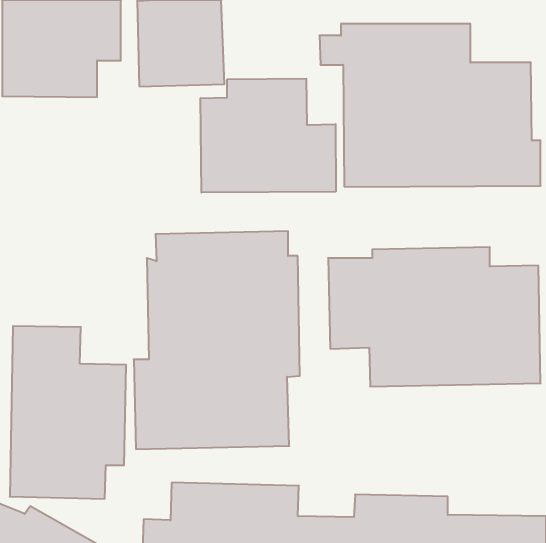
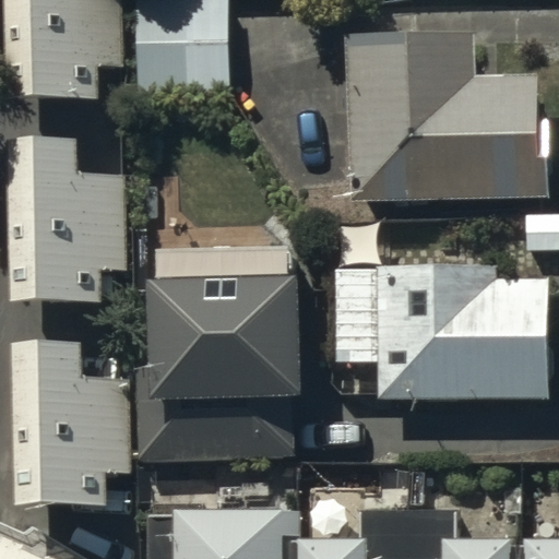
building: [201,79,336,193] -> none
building: none -> [4,139,119,316]

